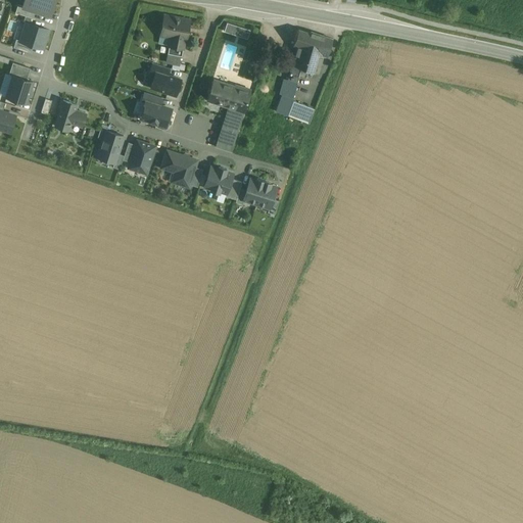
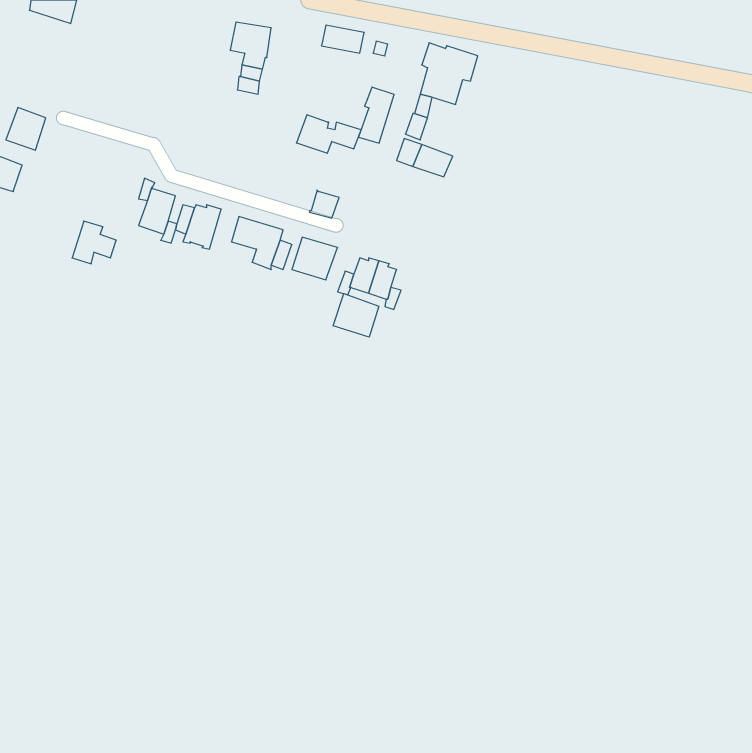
building: [17,21,50,50] -> none
building: [150,72,179,95] -> none
building: [221,98,245,137] -> [359,87,394,143]
building: [54,100,85,130] -> [72,221,116,264]
building: [140,102,170,126] -> none
building: none -> [333,294,379,337]

